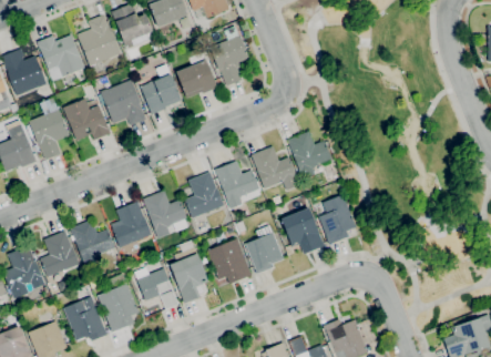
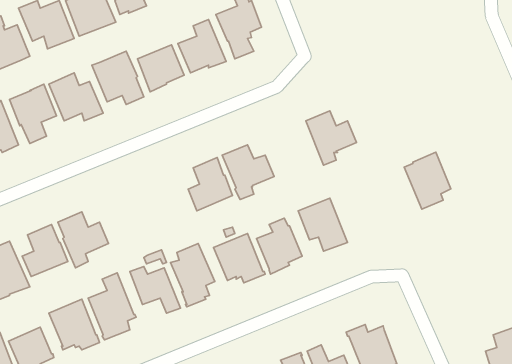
building: [252,145,300,191] -> none
building: [143,190,188,238] -> none
building: [315,194,356,244] -> [404,152,451,209]
building: [111,201,152,247] -> none

